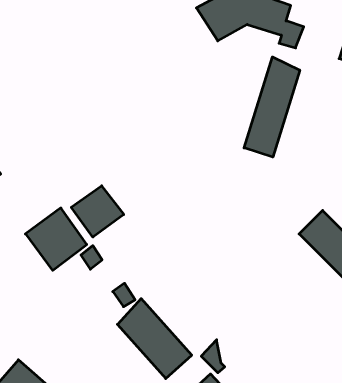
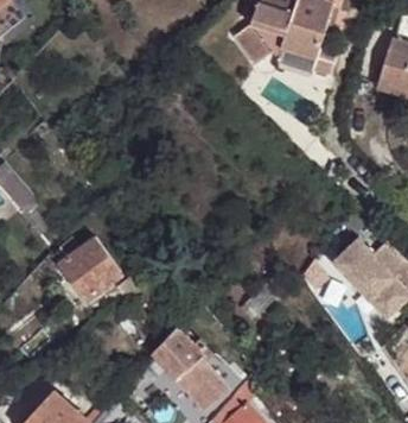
building: [244,57,300,157] -> none
building: [71,186,124,237] -> none

